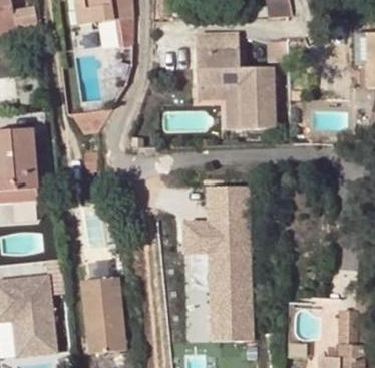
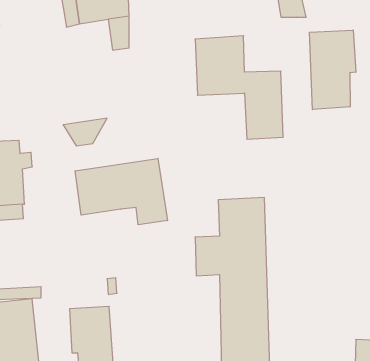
building: none -> [310,30,356,110]
building: [196,86,241,129] -> none
building: none -> [75,158,167,225]

